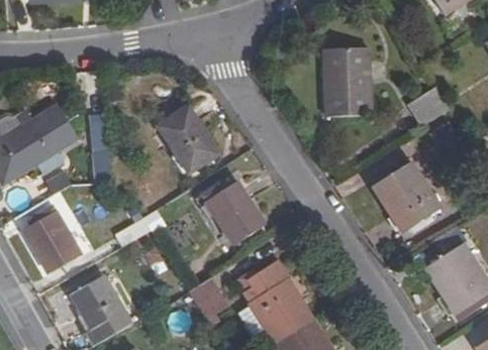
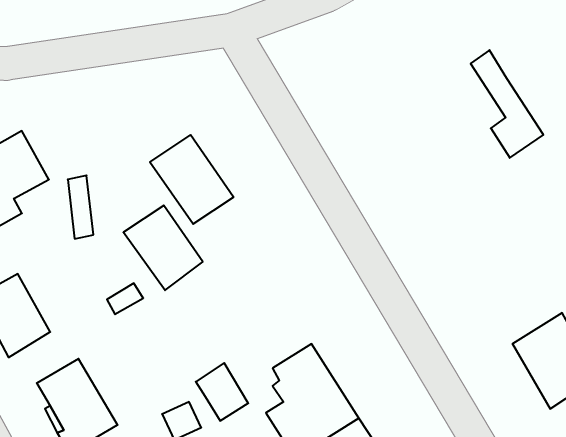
building: [324,46,369,115] -> none
building: [377,161,443,231] -> none
building: [206,182,266,245] -> [123,205,203,290]

